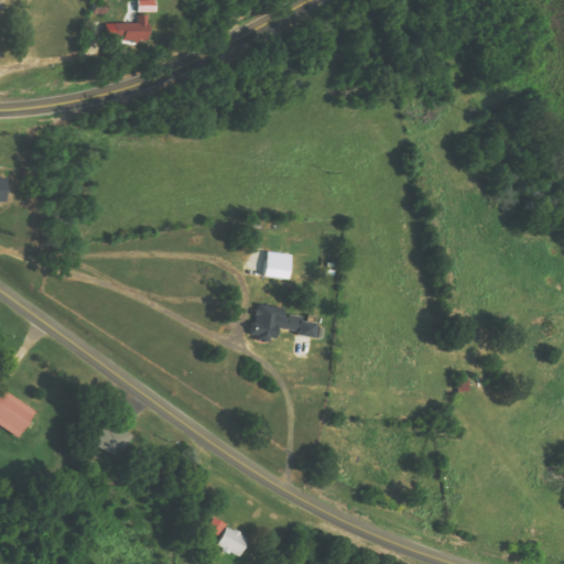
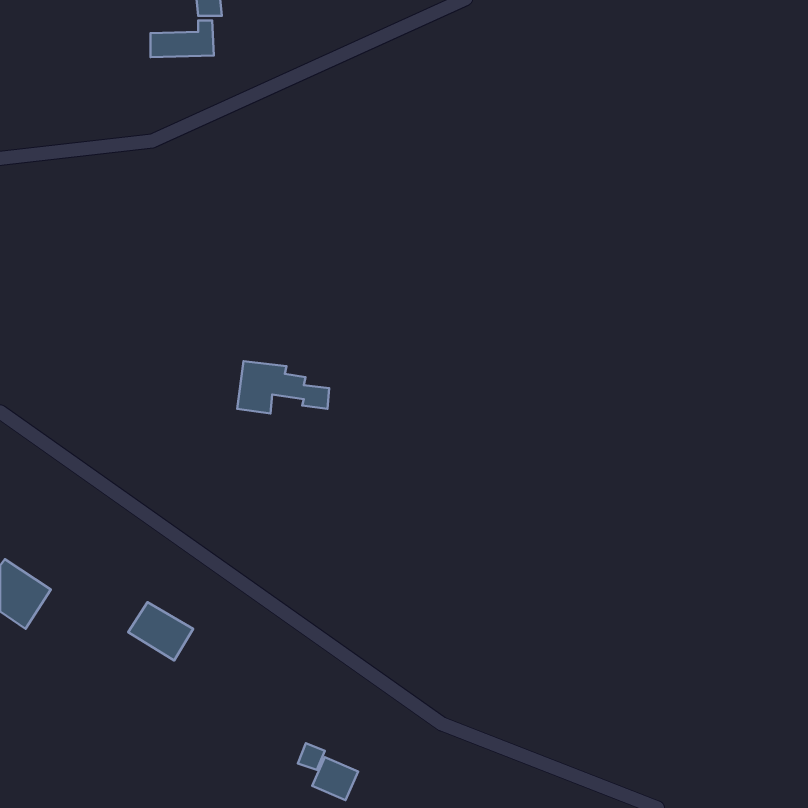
building: [264,251,292,279] -> none
building: [253,304,317,340] -> [237,361,329,414]

